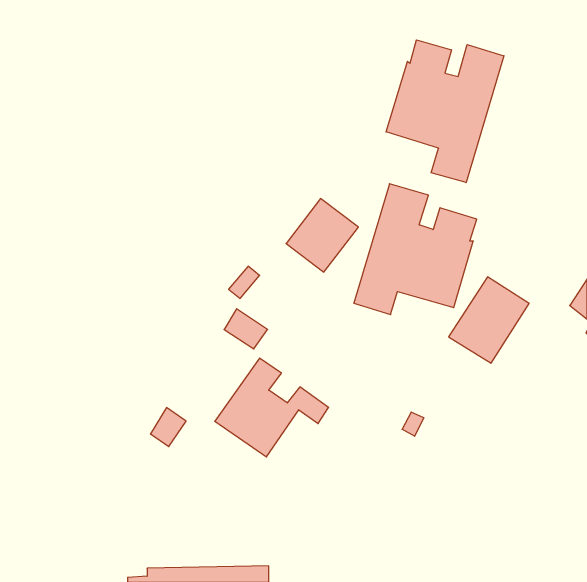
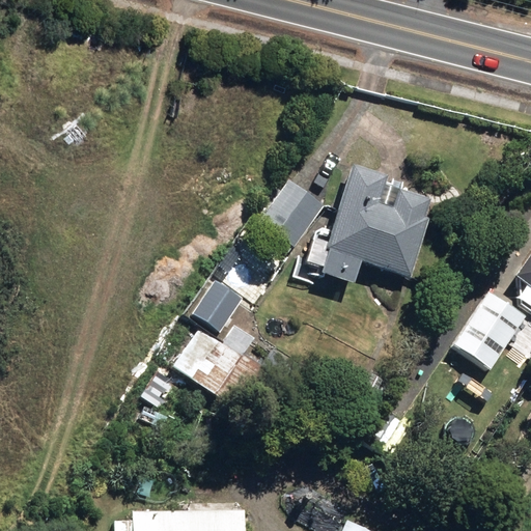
building: [386,40,504,183] -> none
building: [449,277,529,363] -> [451,291,524,369]

